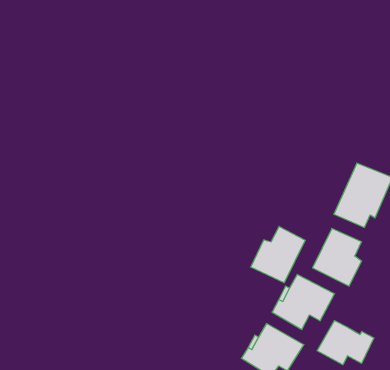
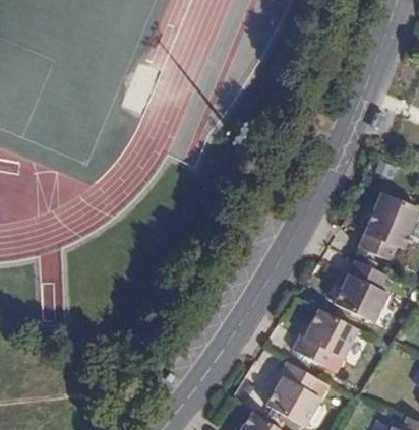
building: [251,226,305,283] -> none
building: [317,321,374,365] -> none

